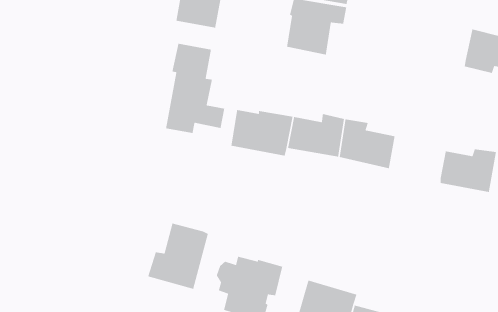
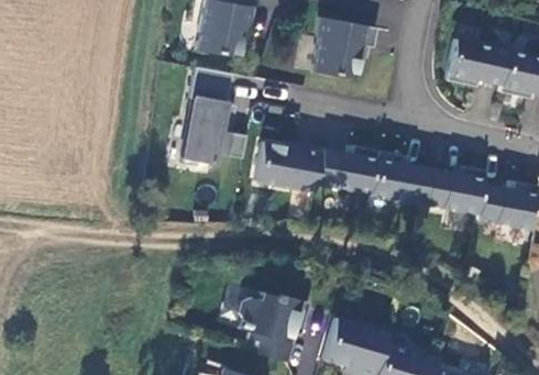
building: none -> [447,40,509,88]
building: none -> [421,163,483,211]
building: [147,222,209,290] -> none

